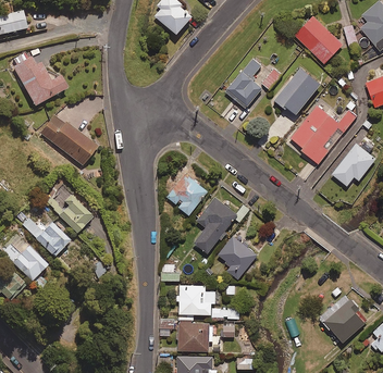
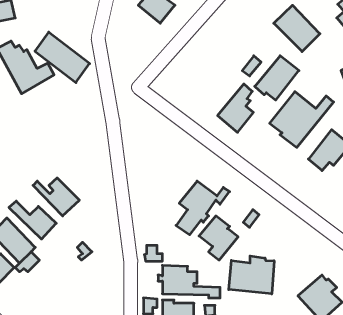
building: [225,58,262,108] -> [218,84,253,132]
building: [40,113,97,165] -> [35,32,90,83]
building: [168,173,208,213] -> none
building: none -> [229,256,274,294]

